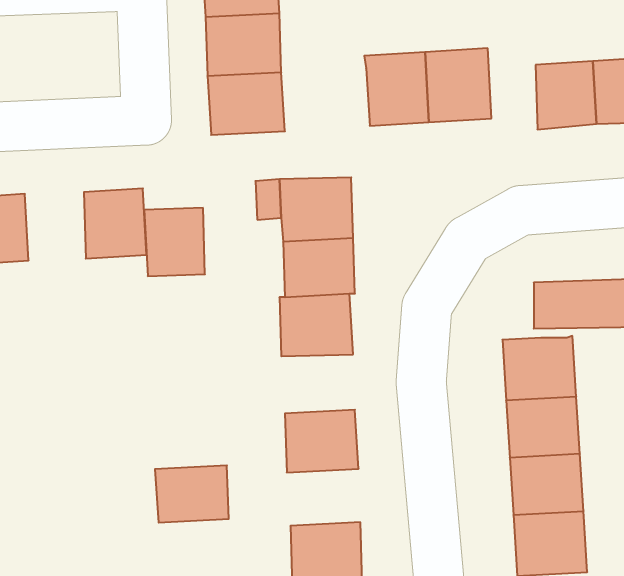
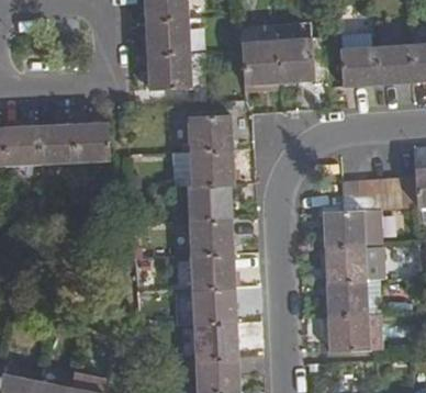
building: [144,208,205,276] -> [37,124,74,165]
building: none -> [190,221,234,256]
building: [155,465,229,523] -> [193,289,237,323]

